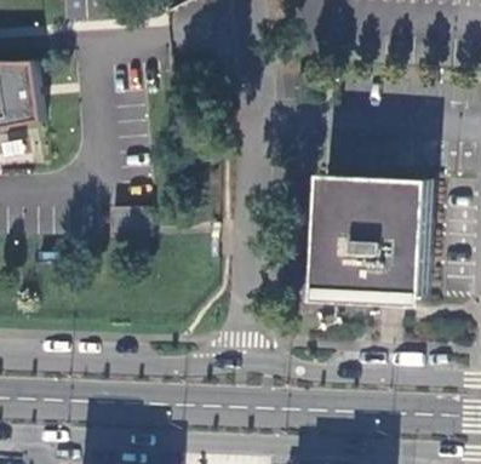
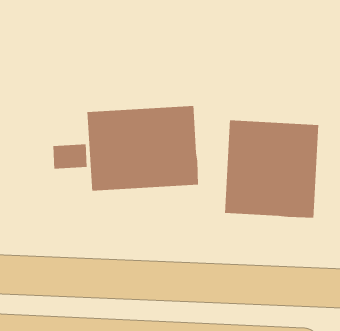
building: none -> [86,105,199,191]

